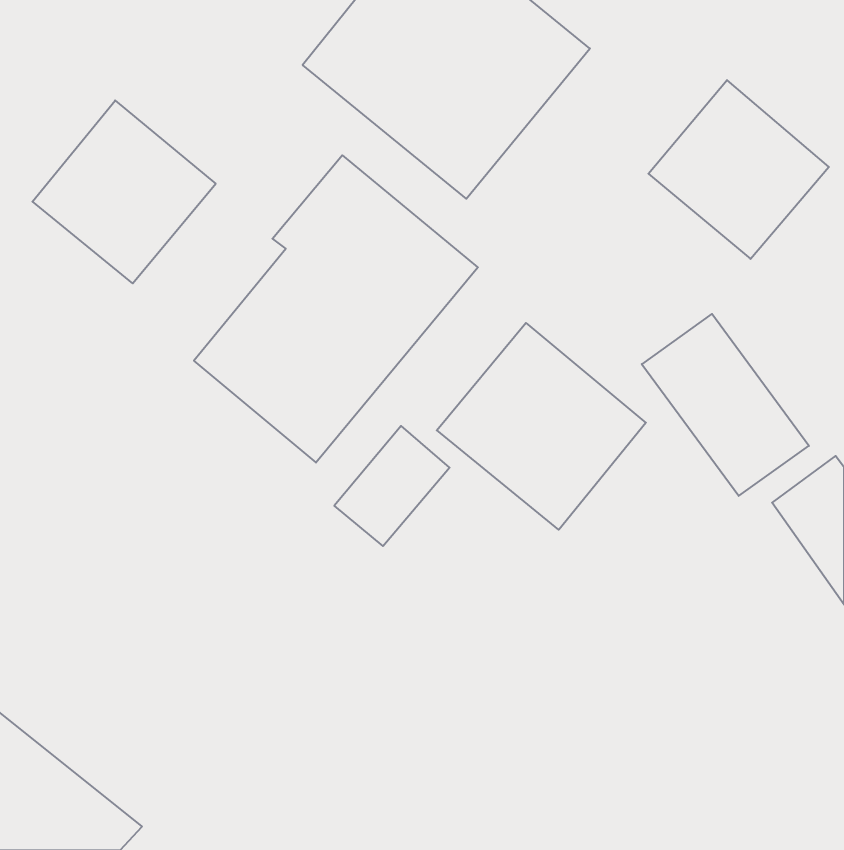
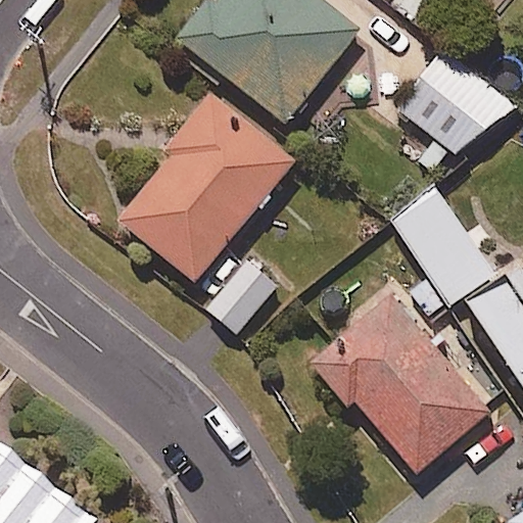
building: [32,100,216,283] -> none
building: [437,323,646,530] -> none
building: none -> [311,295,489,473]

